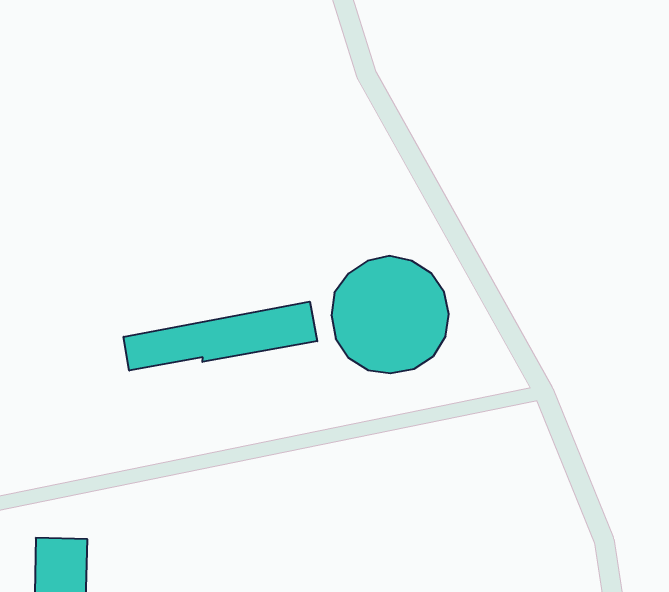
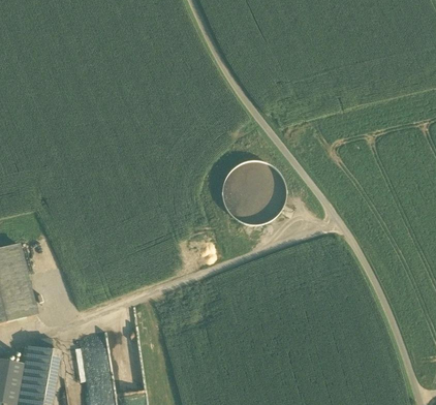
building: [124,302,317,371] -> none

